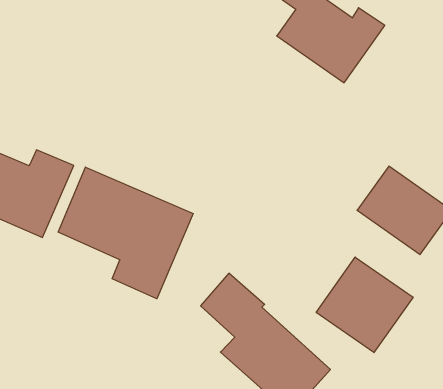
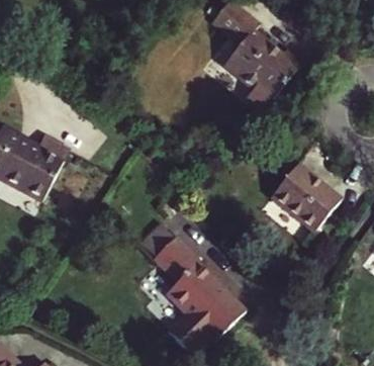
building: [58,167,193,299] -> none
building: [316,257,413,353] -> none

